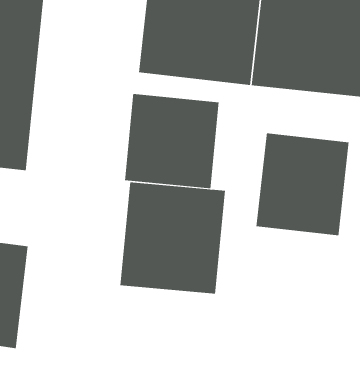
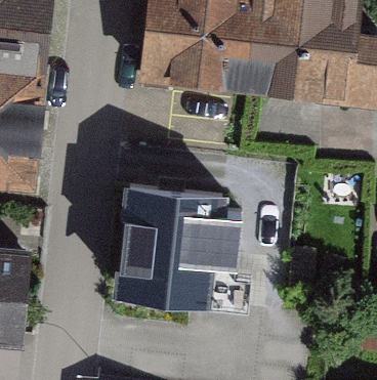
building: [125,93,219,189] -> none
building: [256,132,349,236] -> none

